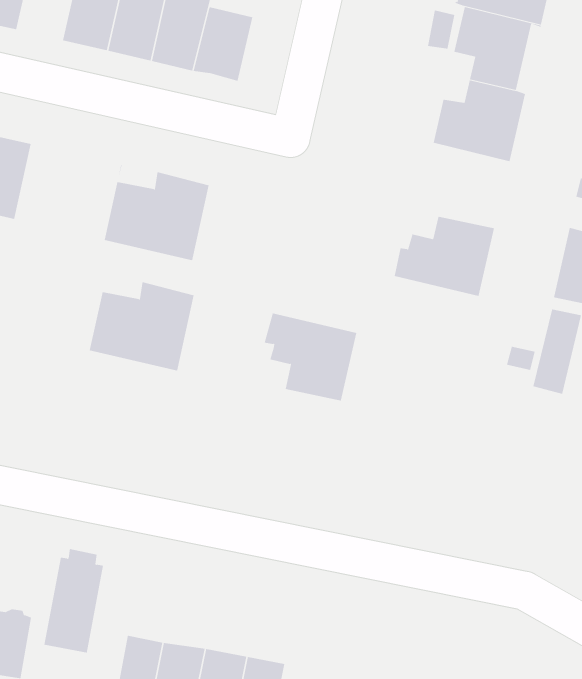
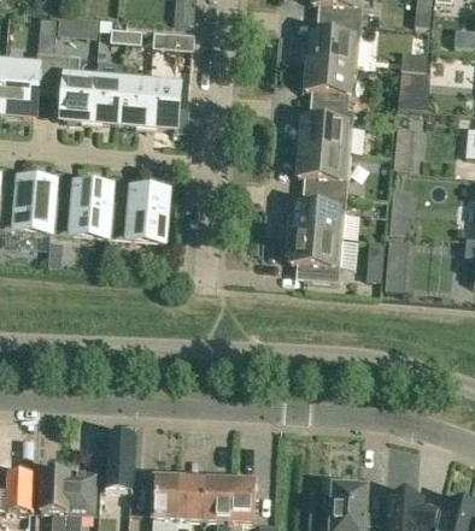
building: none -> [299,146,351,193]
building: [89,274,195,371] -> [51,182,111,235]
building: [264,313,357,401] -> [287,231,344,279]

